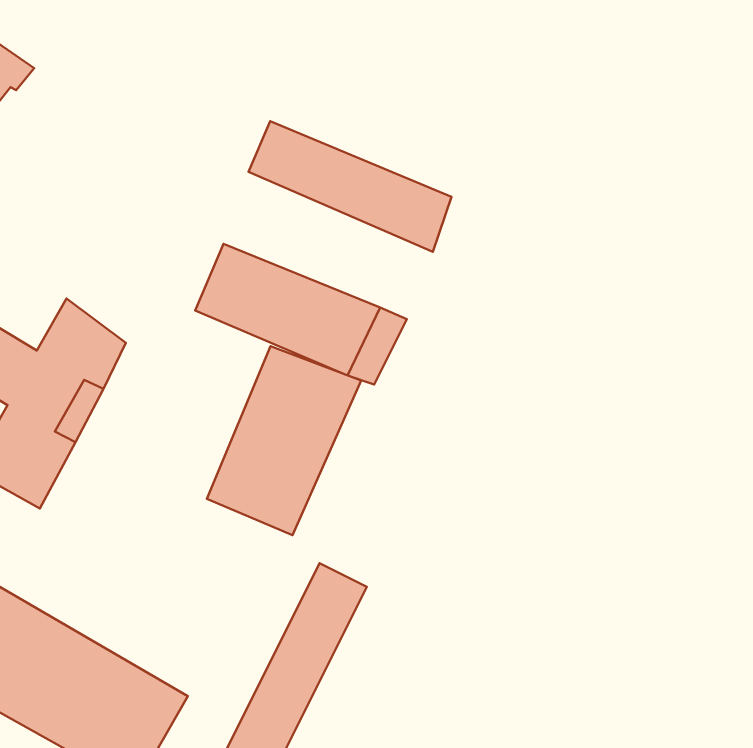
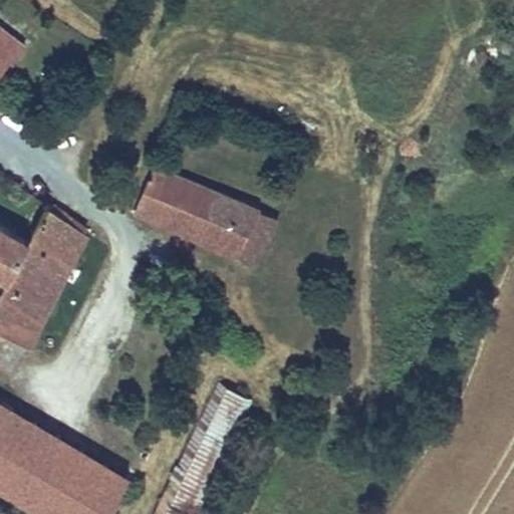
building: [249,121,451,252] -> none
building: [207,346,361,535] -> none

